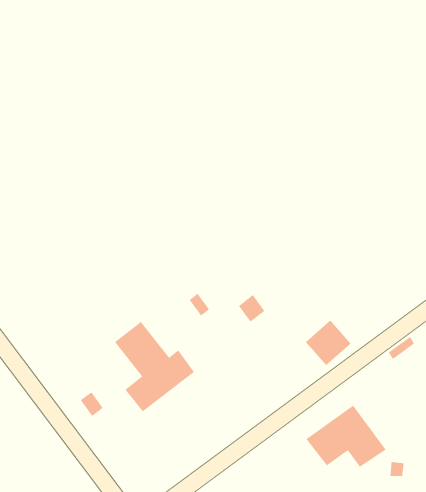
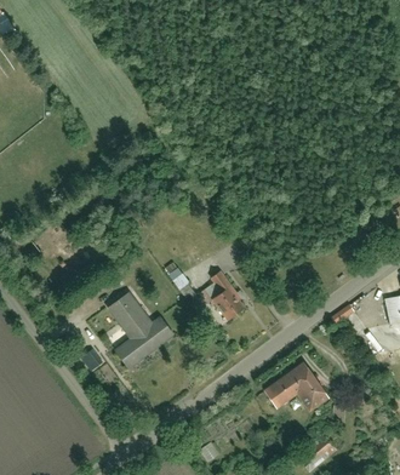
building: [305,320,352,366] -> [210,286,247,324]

